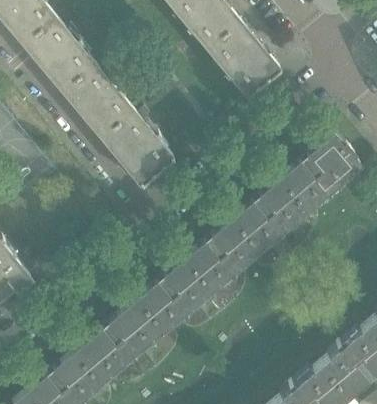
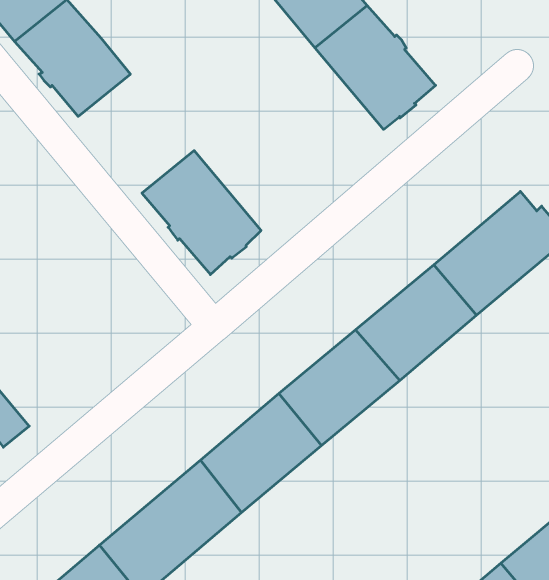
building: [62,64,133,137] -> none

